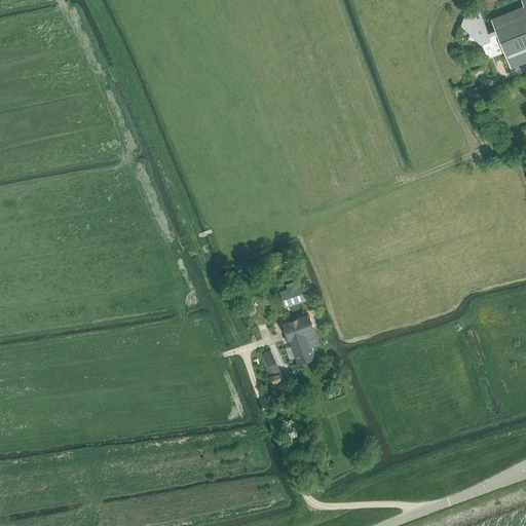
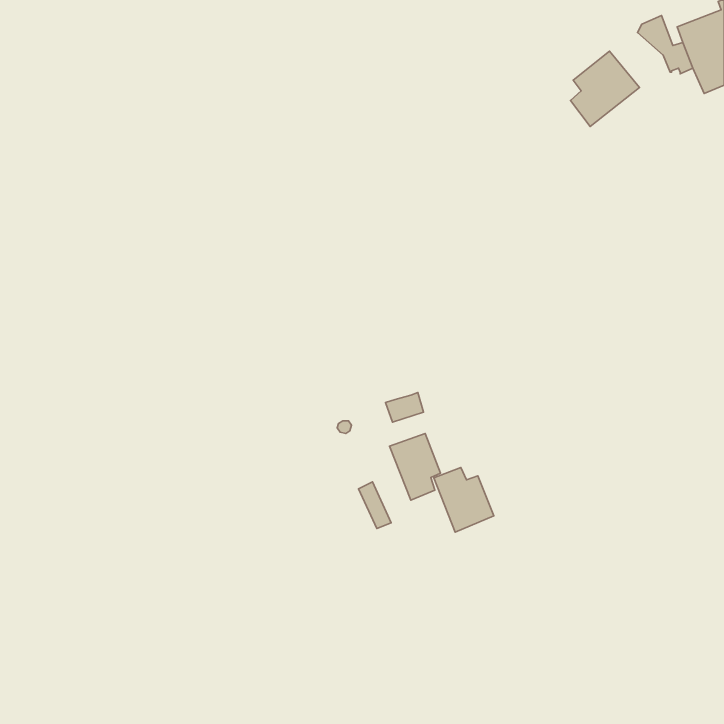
building: none -> [570,51,640,126]
building: none -> [434,468,494,532]

